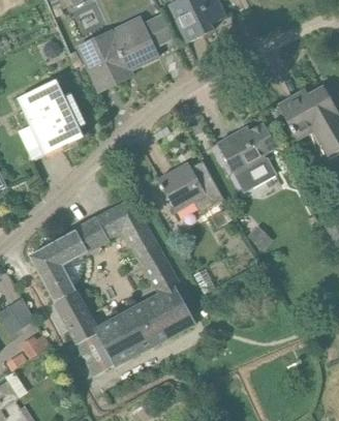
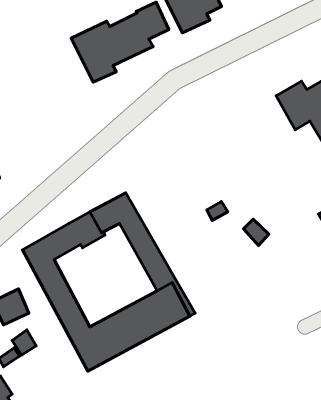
building: [18,80,84,159] -> none
building: [217,122,277,192] -> none
building: [157,160,224,213] -> none

